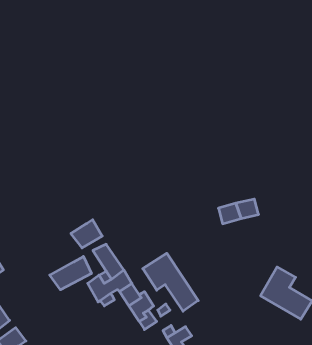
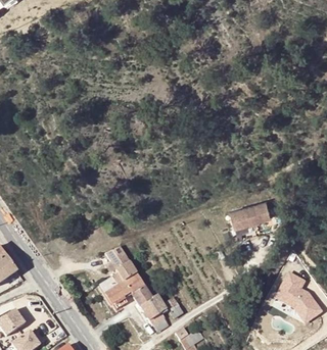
building: [71,220,102,248] -> none
building: [143,253,198,311] -> none
building: [50,256,91,290] -> none

